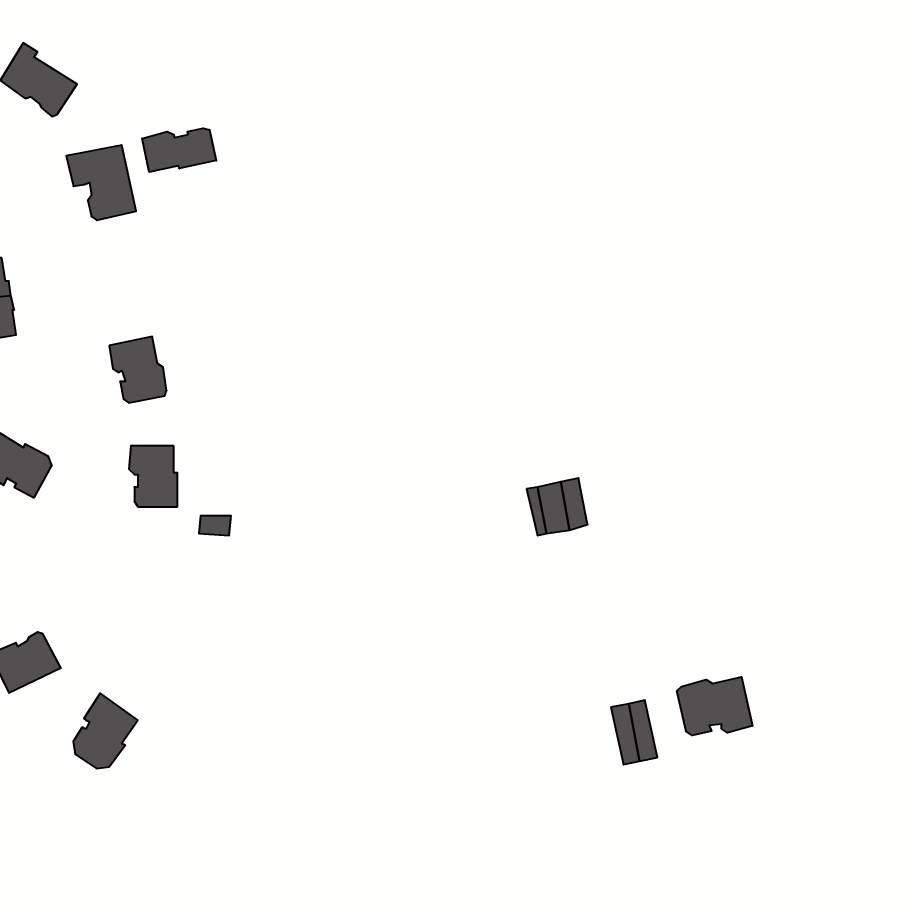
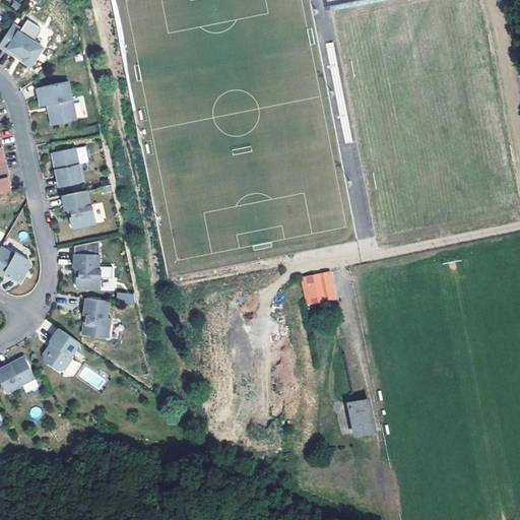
building: [142,128,216,172] -> none
building: none -> [52,148,82,187]
building: none -> [82,298,110,338]
building: [677,677,752,735] -> none
building: [73,693,138,768] -> [43,329,79,372]

